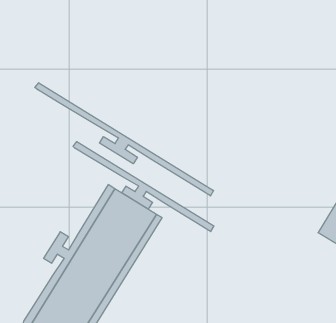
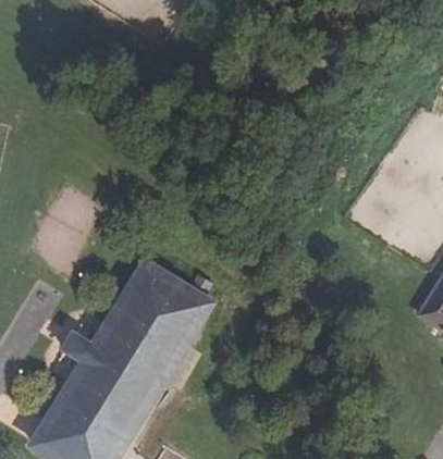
building: [35,83,214,196] -> none
building: [73,142,214,232] -> none

